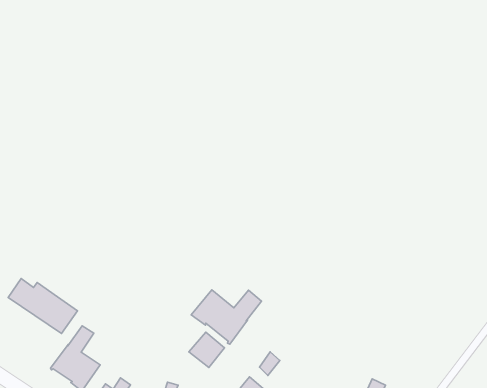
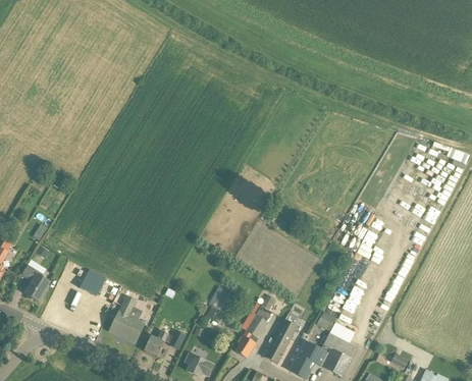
building: [191,290,262,344] -> none

